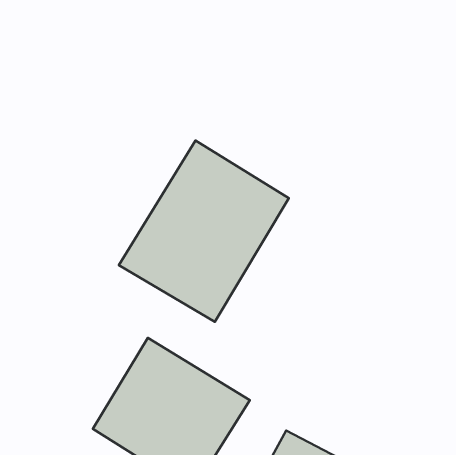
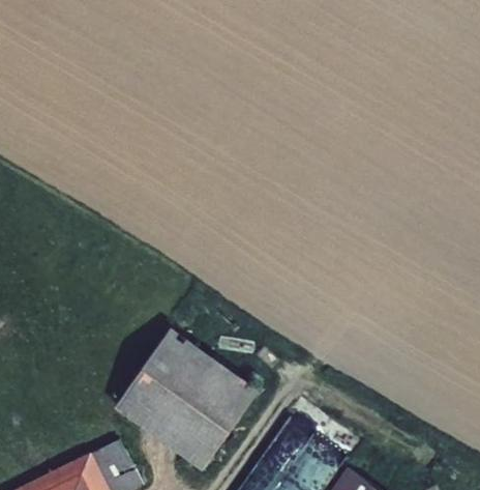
building: [119,140,289,322] -> none

